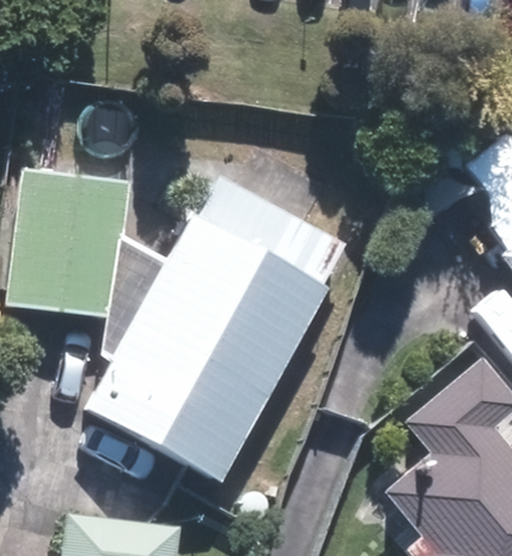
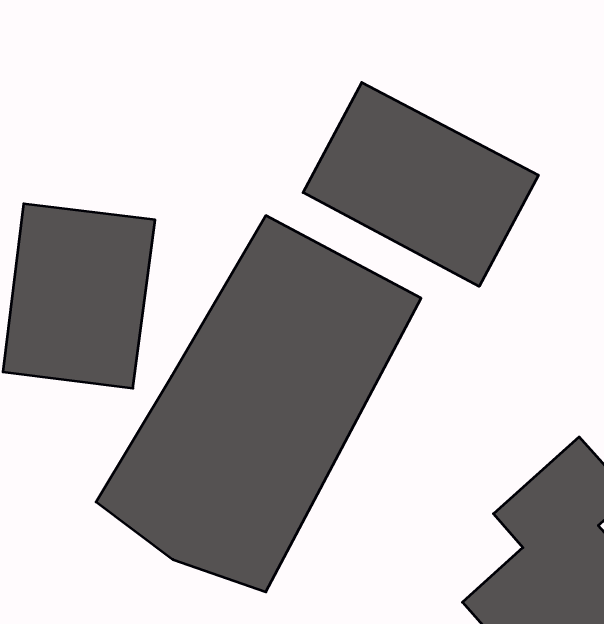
building: none -> [303,82,538,286]

